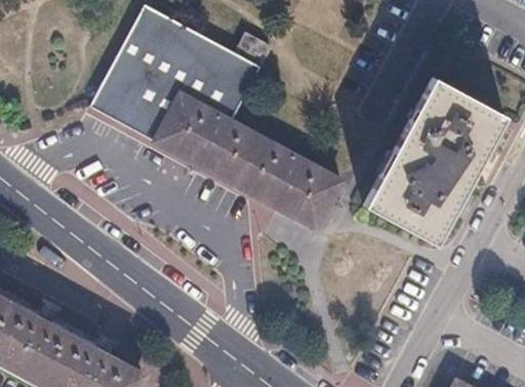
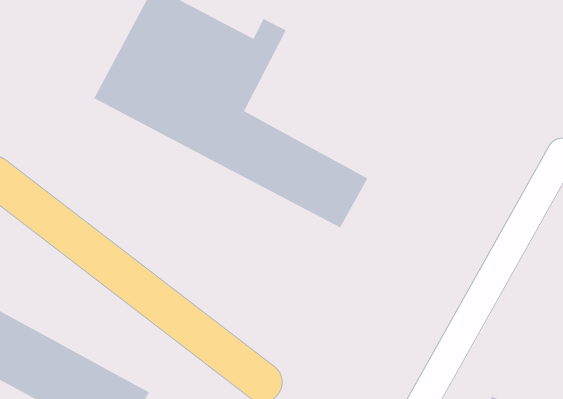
building: [364,80,504,248] -> none

